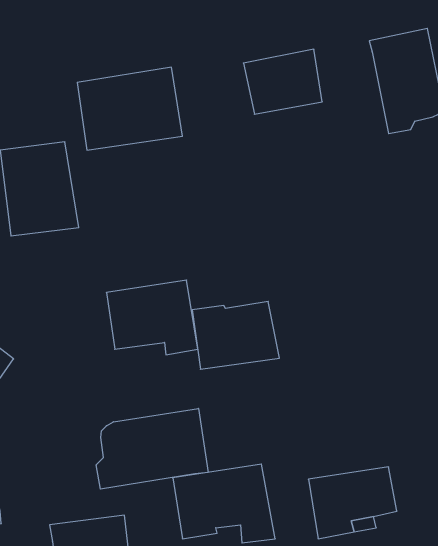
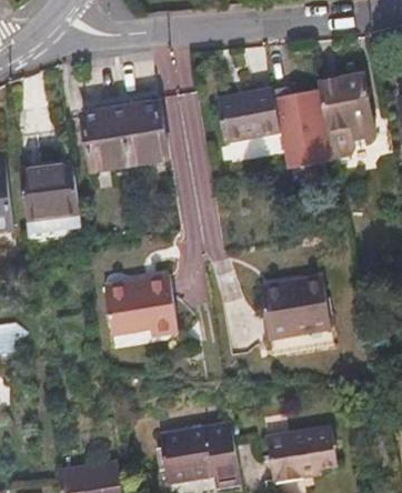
building: none -> [271,87,331,170]
building: [192,301,279,369] -> [261,281,331,335]
building: [96,408,208,489] -> none

